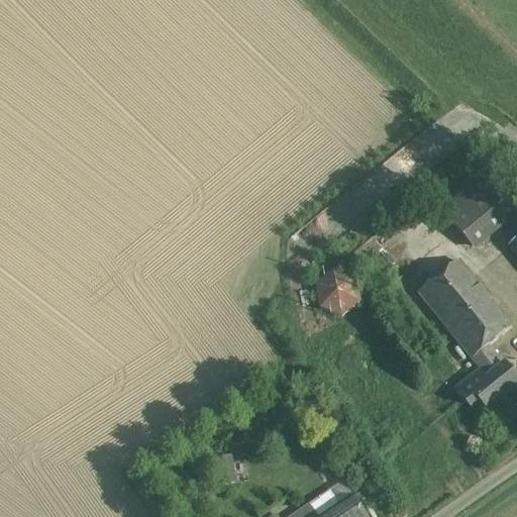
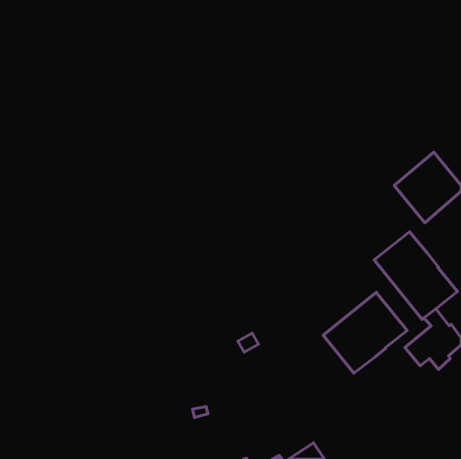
building: [314,268,359,315] -> none
building: none -> [323,292,407,373]

